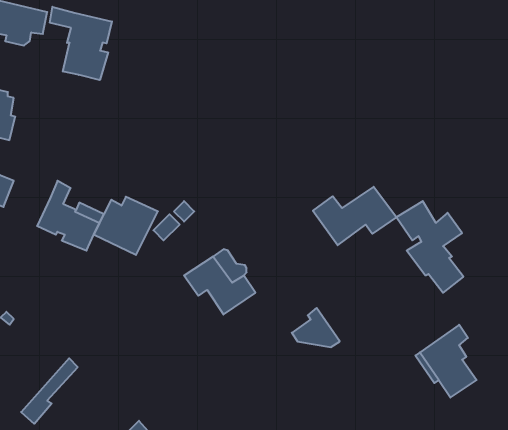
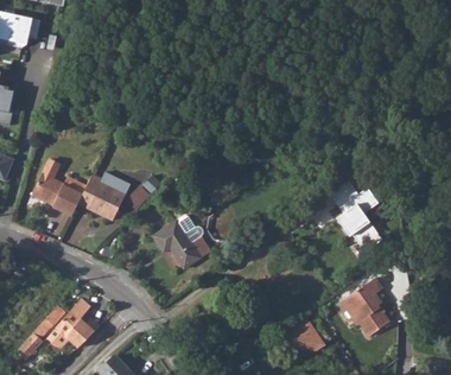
building: [50,7,112,80] -> none
building: [313,187,397,245] -> none
building: [292,308,340,347] -> [285,317,324,349]
building: none -> [46,298,101,348]

